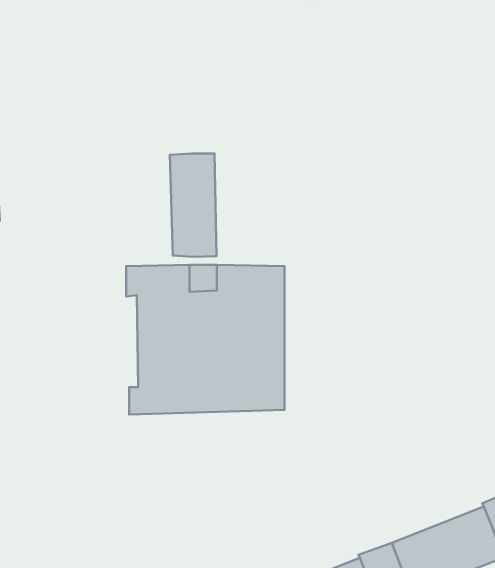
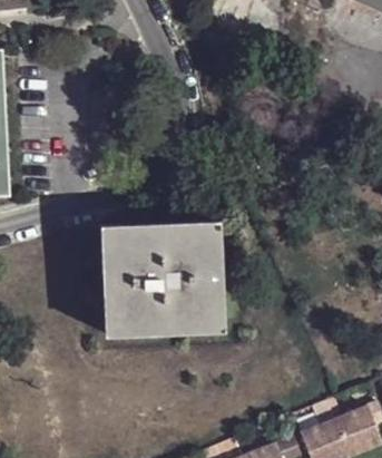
building: [170,153,217,257] -> none

